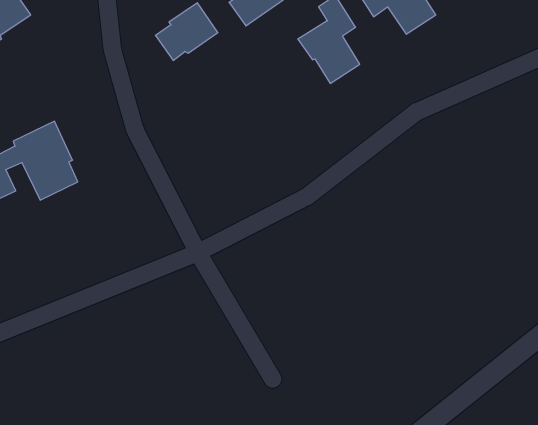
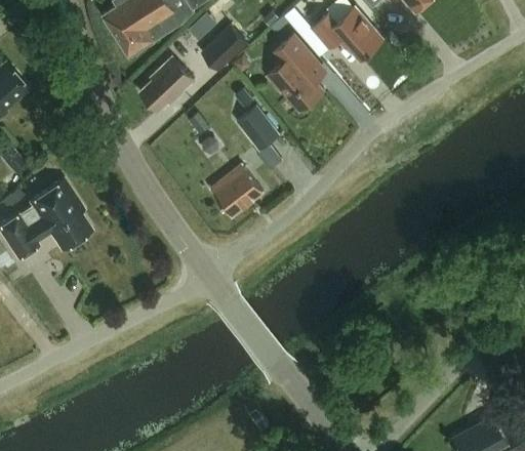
building: none -> [236,106,279,150]
building: none -> [209,164,262,216]

